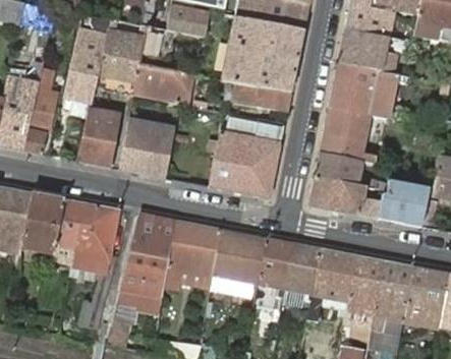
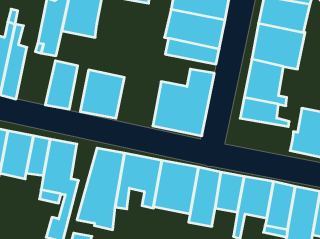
building: [135,63,192,106] -> none
building: [311,178,380,218] -> none

